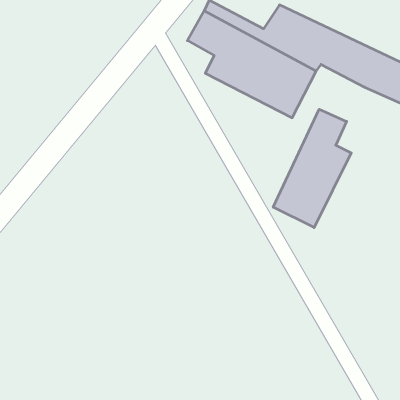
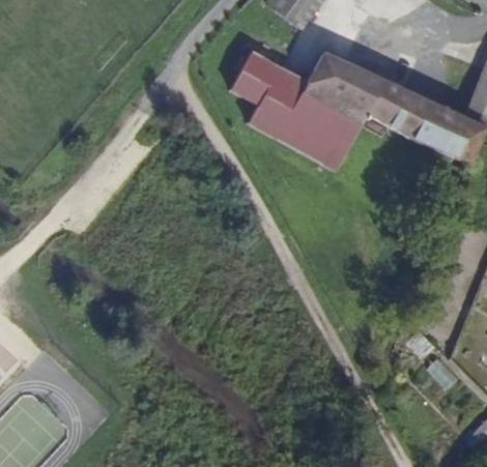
building: [273,109,351,228] -> none

